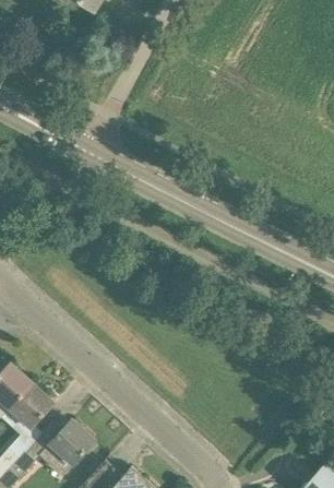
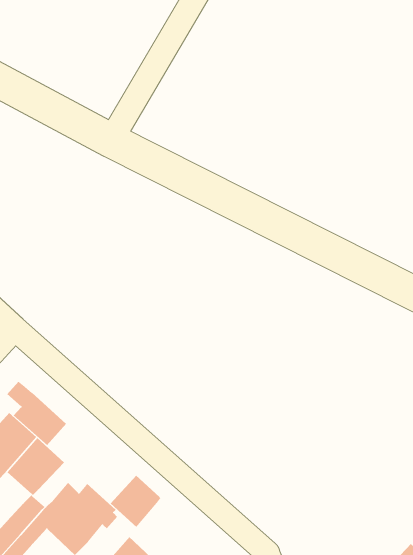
building: none -> [7,381,67,446]
building: none -> [110,475,162,528]

